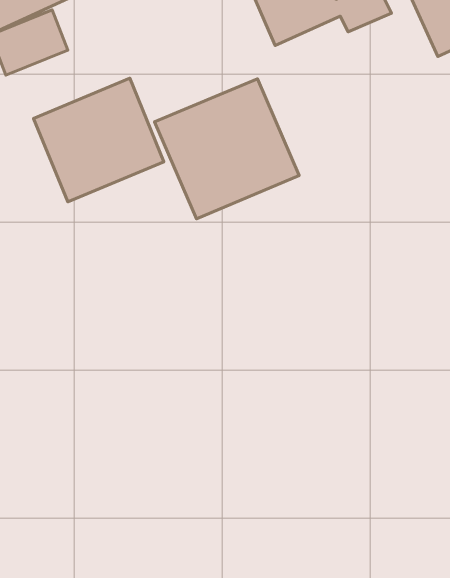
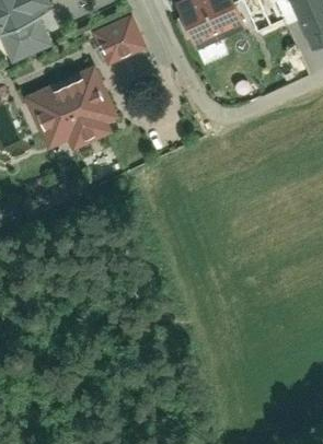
building: none -> [92,14,145,63]
building: [155,79,299,219] -> none

